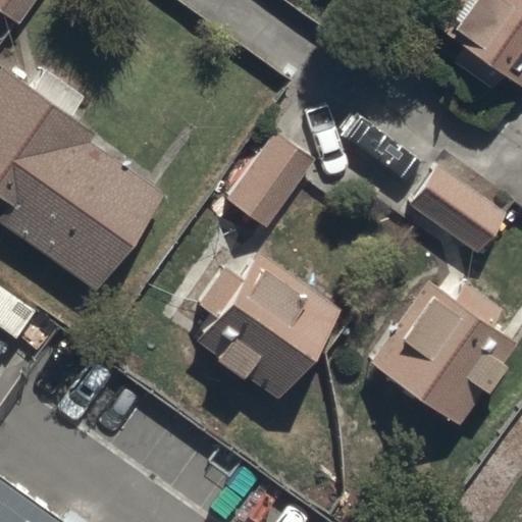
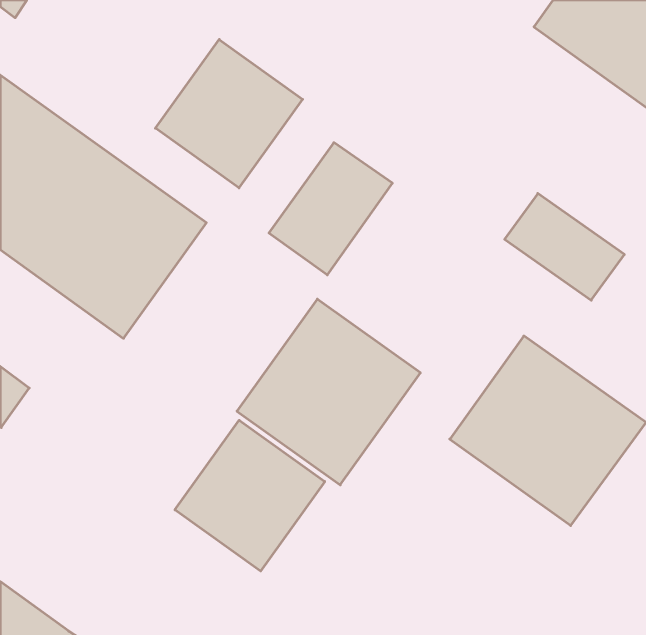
building: none -> [155,39,303,188]
building: none -> [175,420,325,571]

